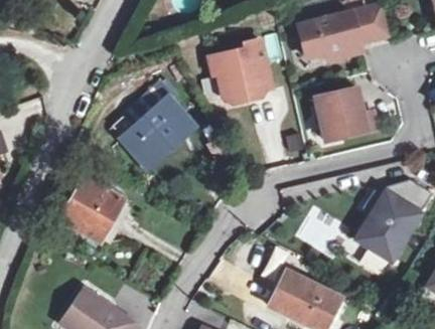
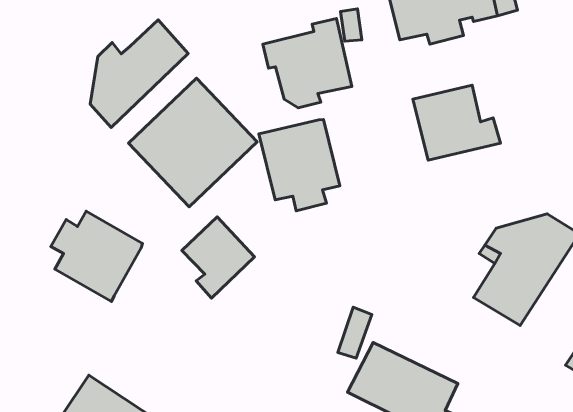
building: none -> [90,20,188,127]
building: none -> [259,120,340,211]
building: none -> [182,217,254,298]

